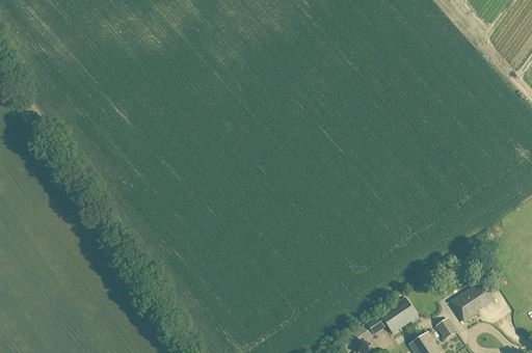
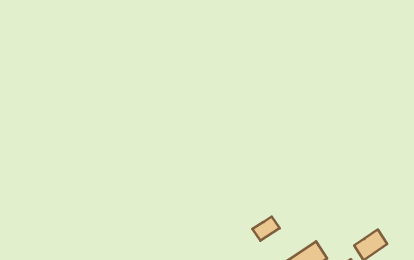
building: none -> [252,217,280,241]

